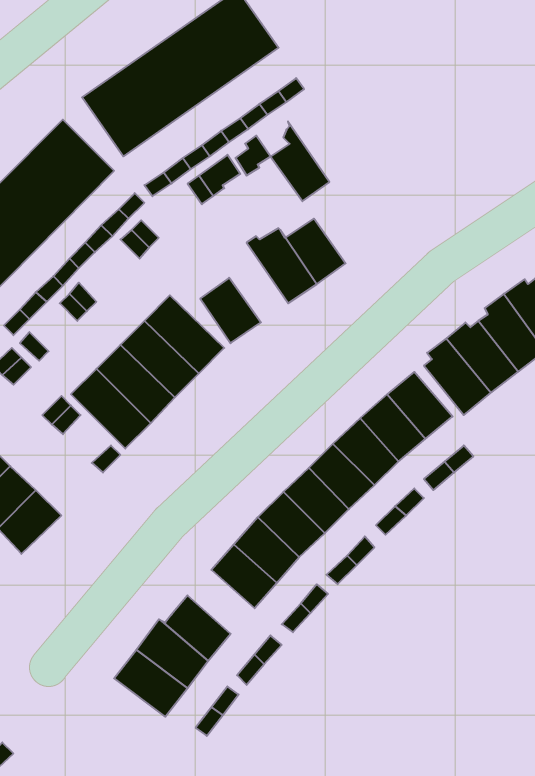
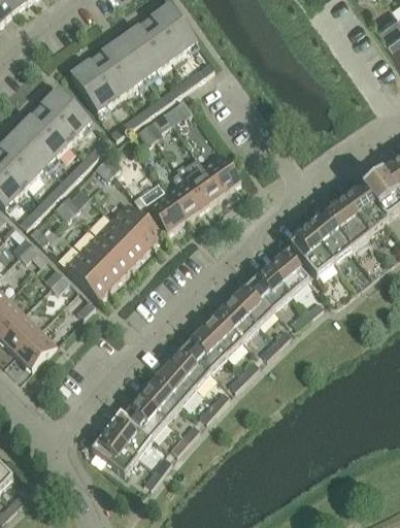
building: [270,121,329,201] -> [165,168,203,220]
building: none -> [138,380,181,421]

